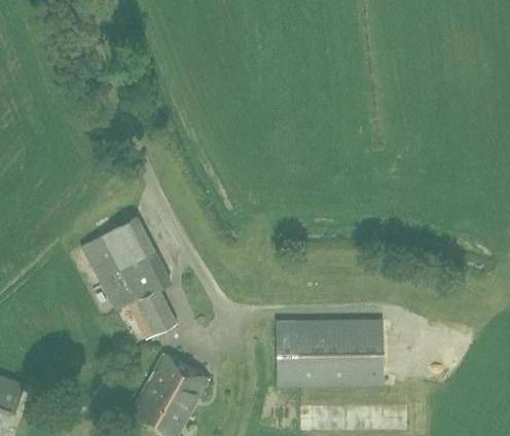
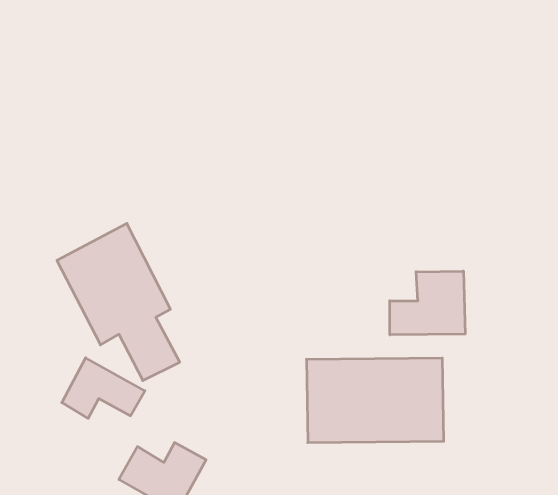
building: none -> [390,271,465,335]
building: [144,355,209,402] -> [62,358,145,418]

